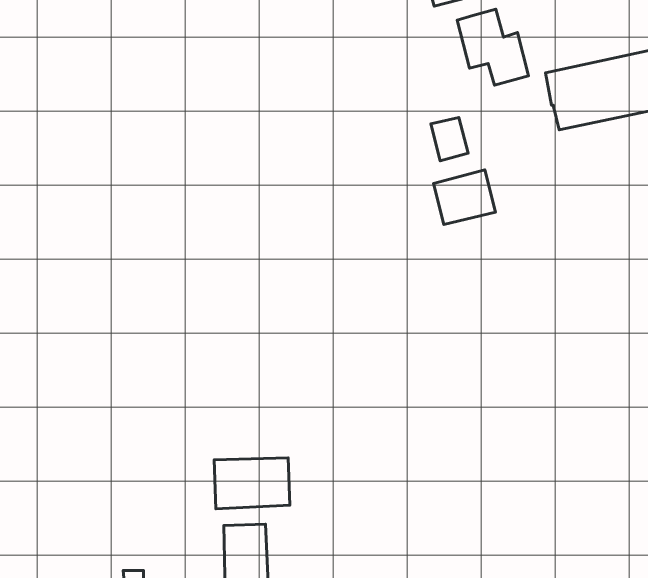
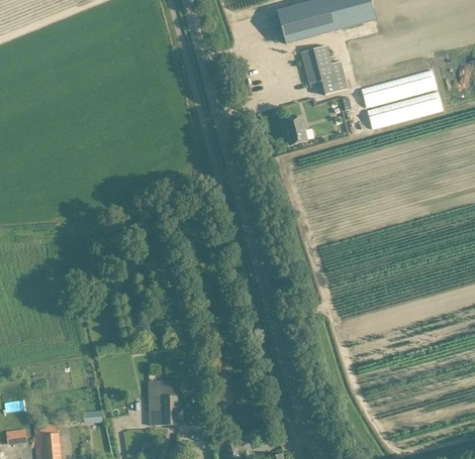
building: [433,170,495,224] -> none
building: [214,458,290,509] -> none

